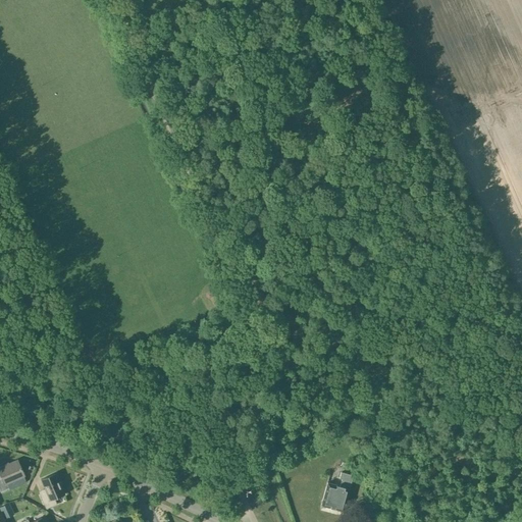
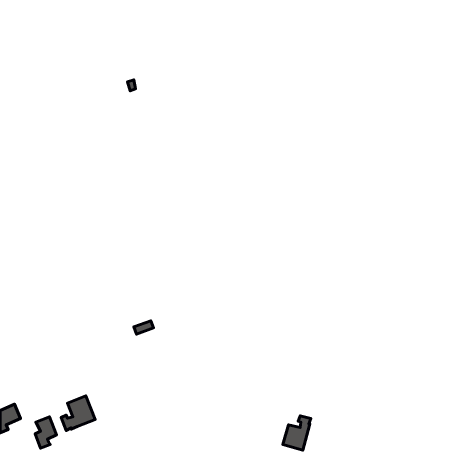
building: none -> [61,396,95,430]

